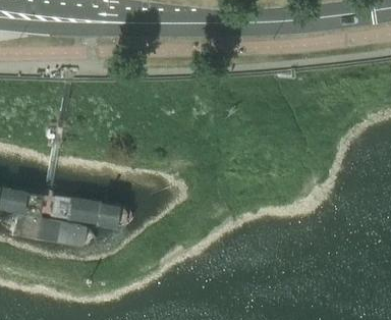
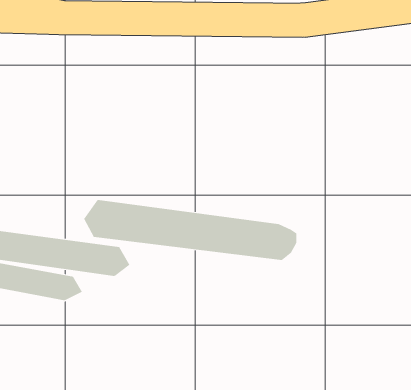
building: none -> [83,199,297,261]

